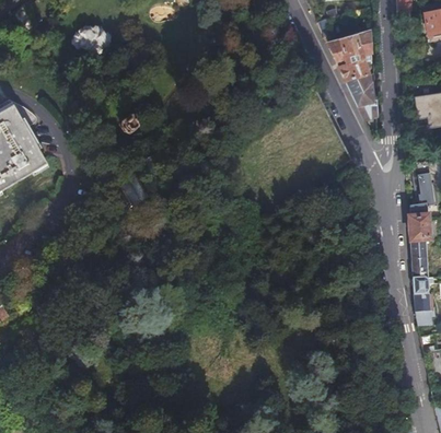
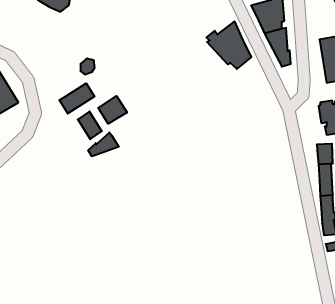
building: none -> [206,21,251,69]
building: none -> [59,83,94,114]
building: none -> [98,96,127,124]
building: none -> [88,132,119,156]

